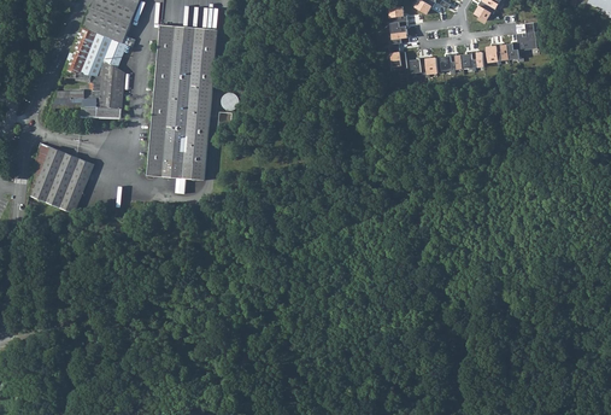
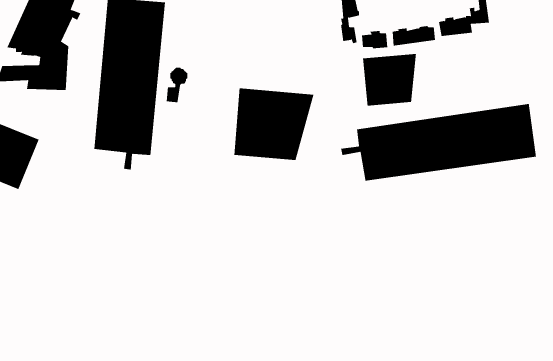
building: none -> [363,53,416,106]
building: none -> [234,88,314,161]
building: none -> [340,103,537,182]

